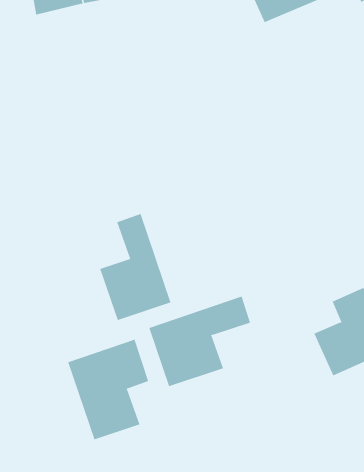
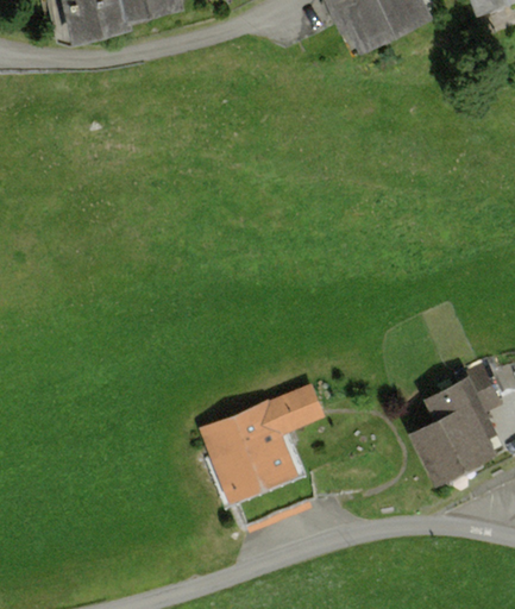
building: [99,213,171,321] -> none
building: [67,339,149,440] -> none

